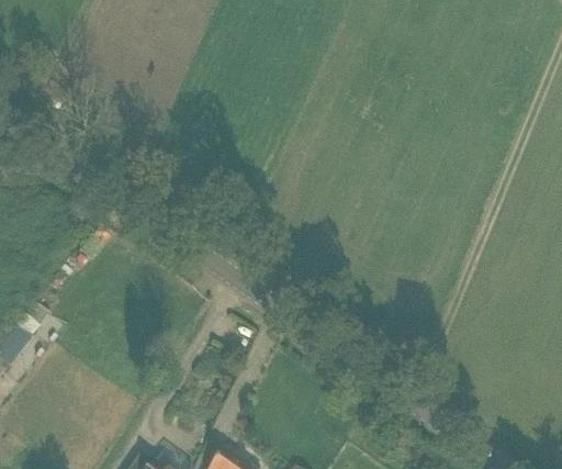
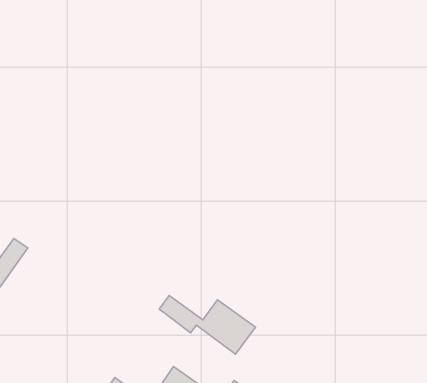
building: none -> [159,295,256,354]

